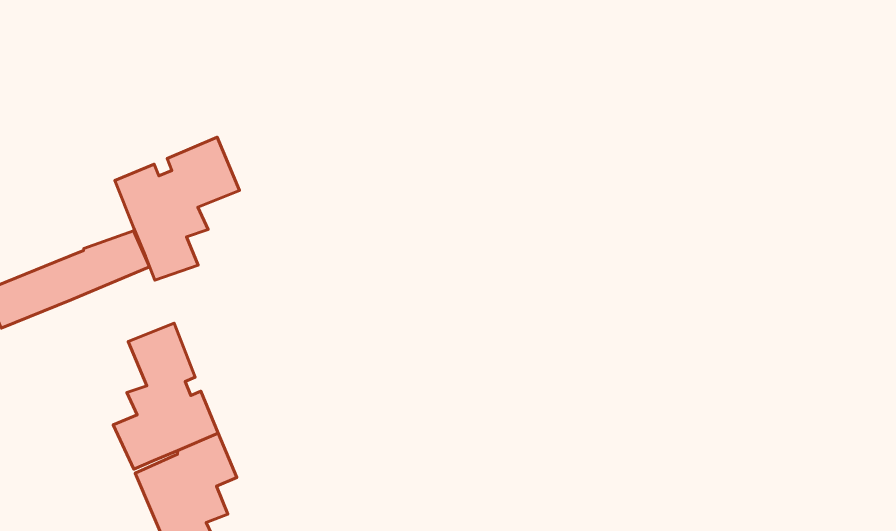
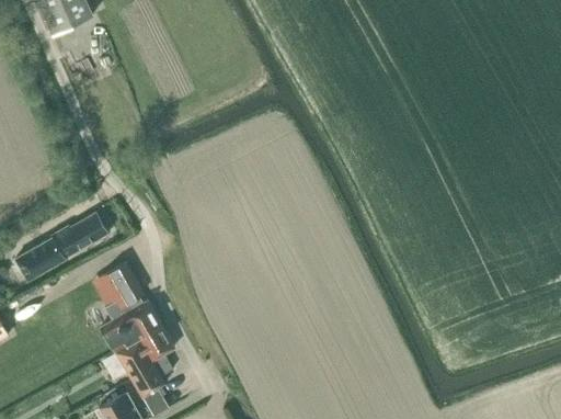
building: [115,137,240,280] -> none

